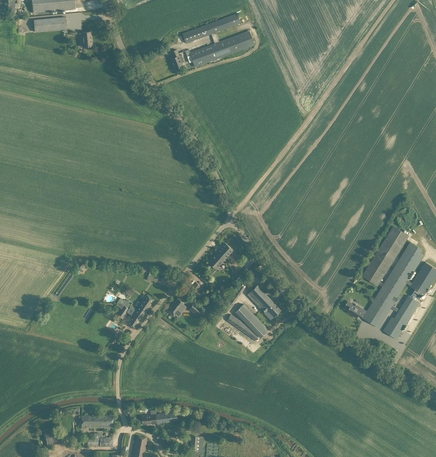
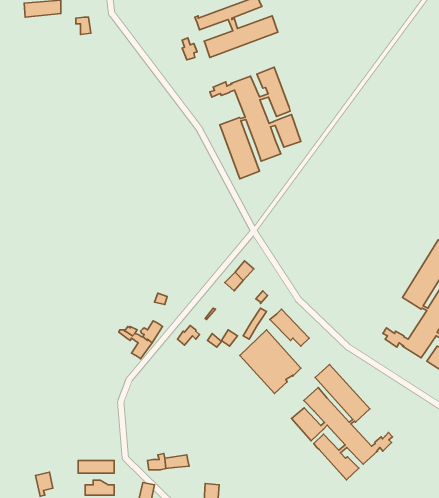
building: none -> [210,67,301,179]
building: none -> [291,365,393,480]

